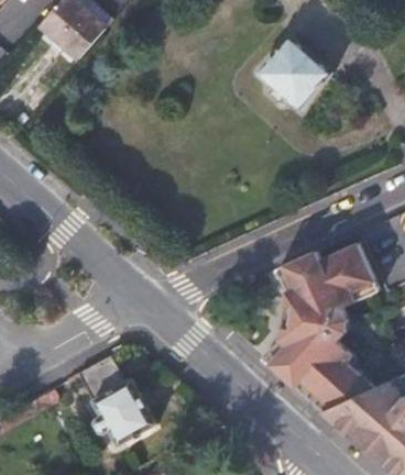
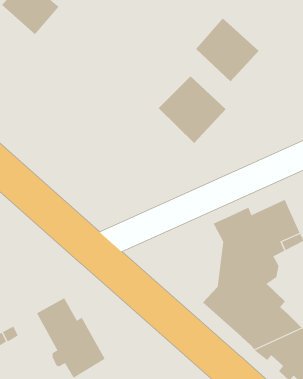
building: none -> [158,76,227,144]

